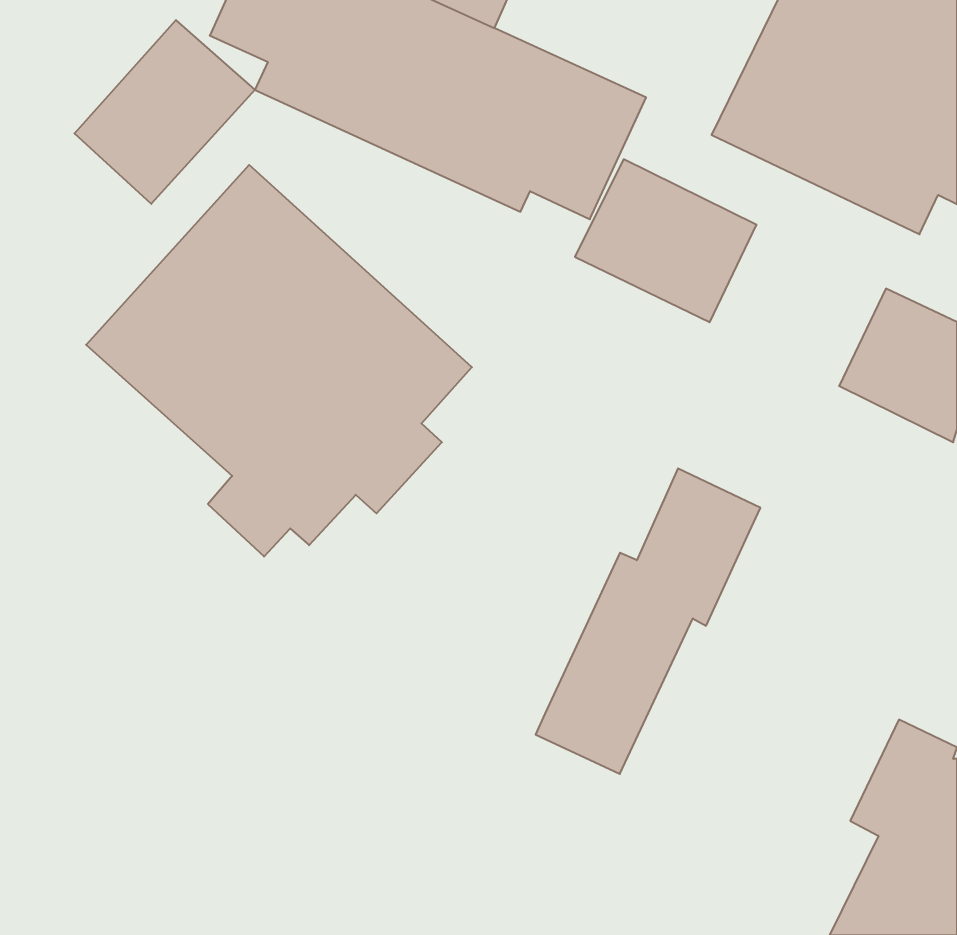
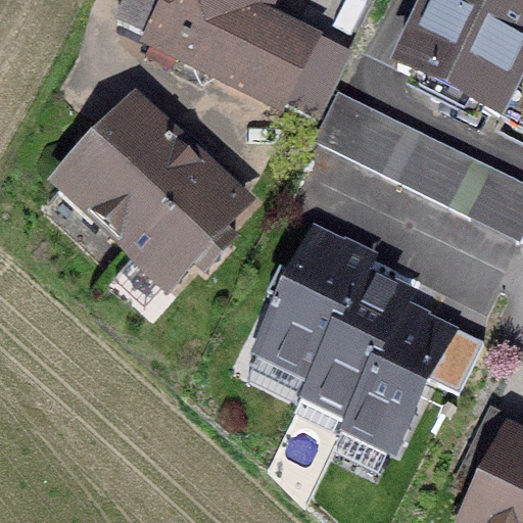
building: [74,20,255,204] -> none
building: none -> [387,123,483,210]
building: none -> [248,210,377,389]
building: none -> [331,290,459,461]

